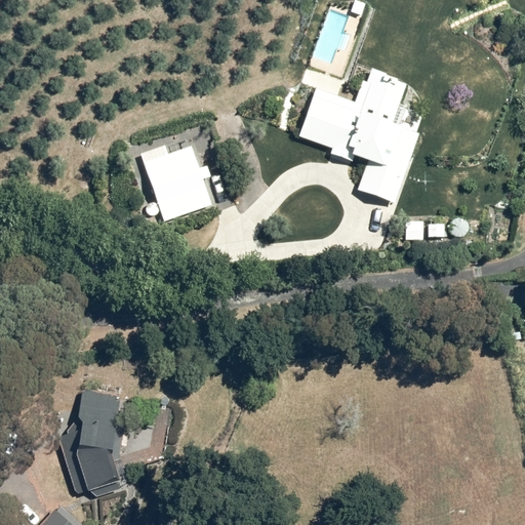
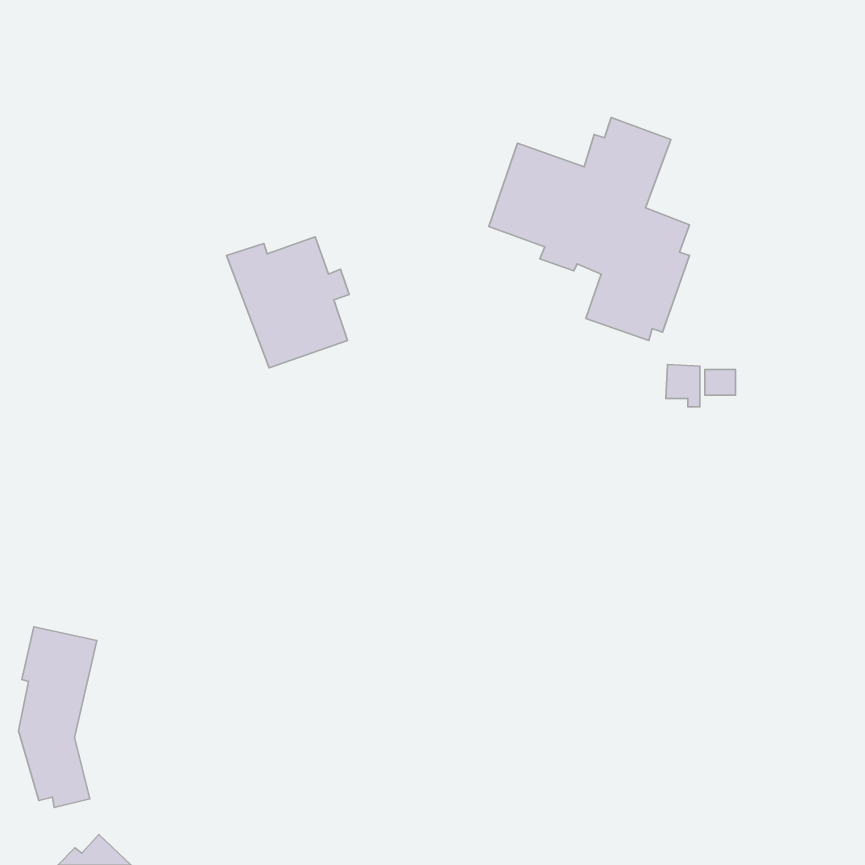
building: [74,389,121,497] -> [18,627,97,807]

